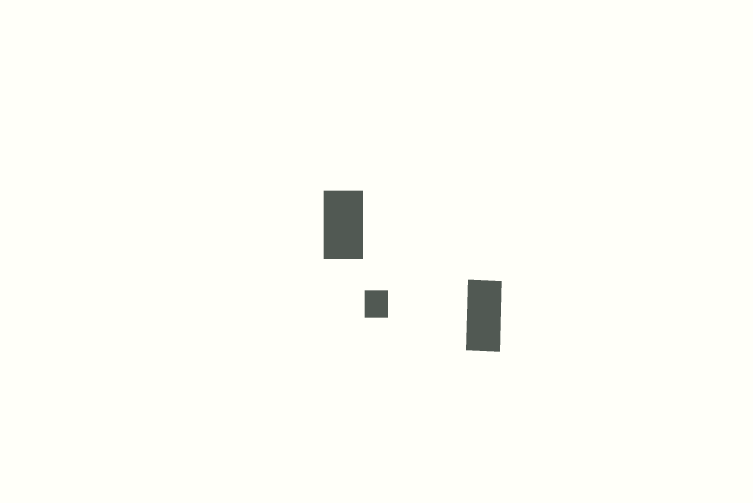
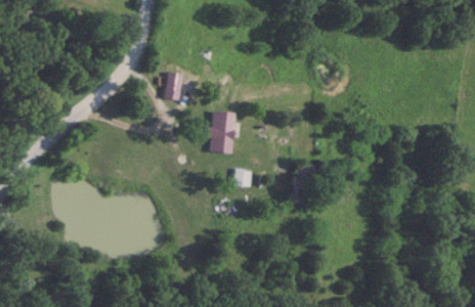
building: none -> [164,73,183,100]

